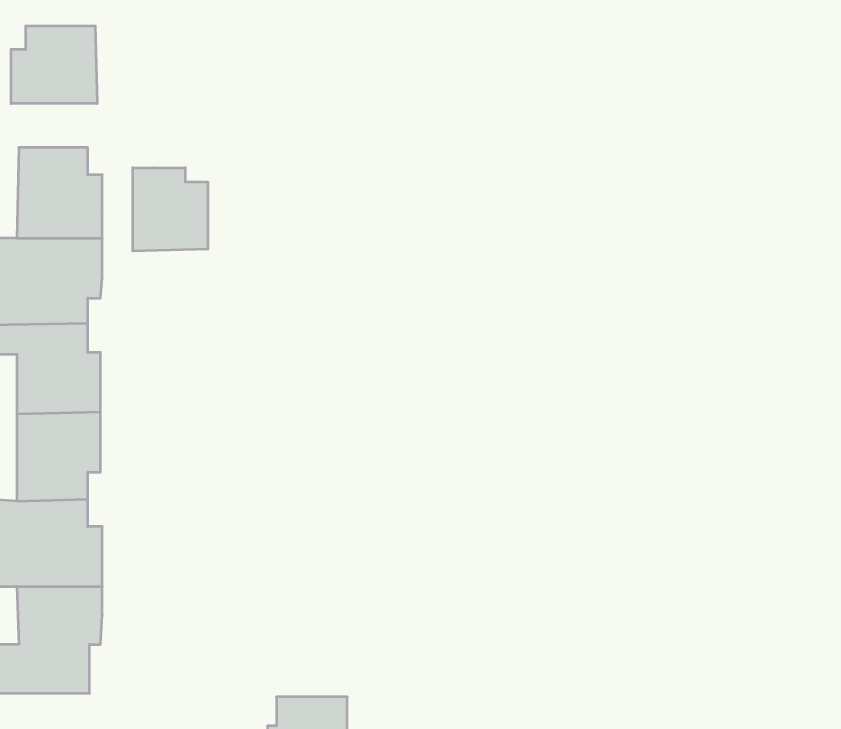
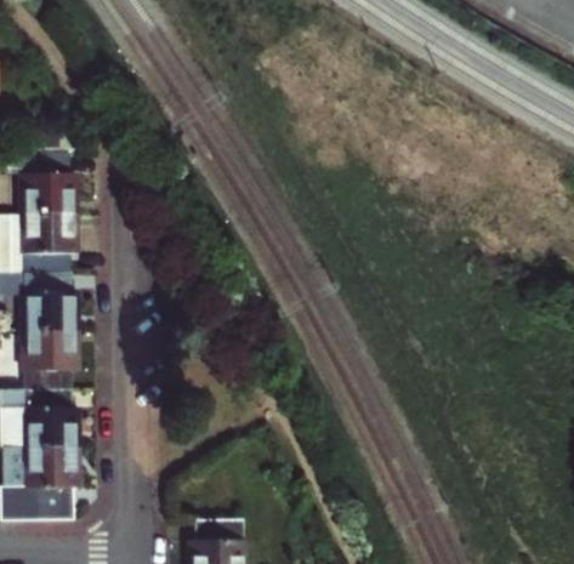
building: [11,26,97,104] -> none
building: [133,168,208,251] -> none

